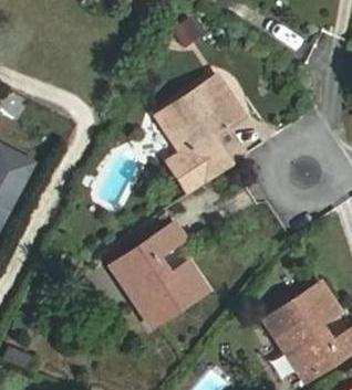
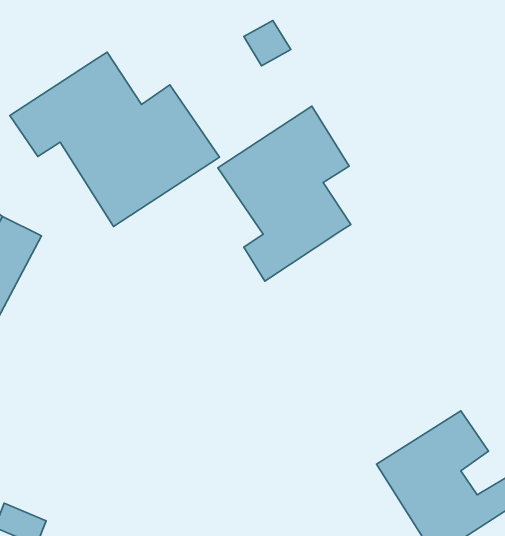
building: none -> [10,52,220,227]
building: [110,222,207,327] -> none

